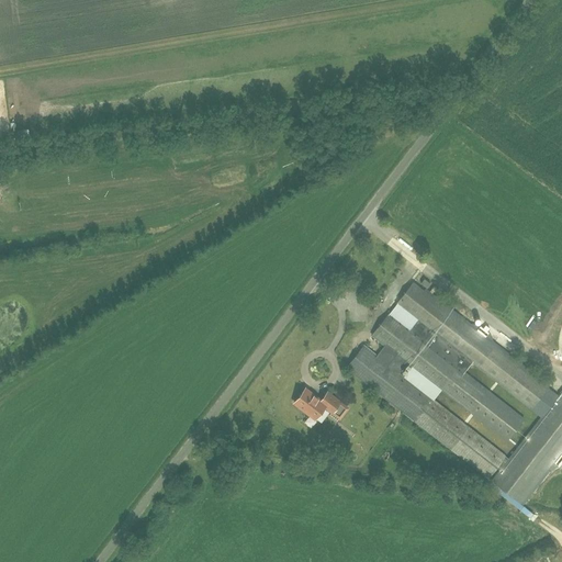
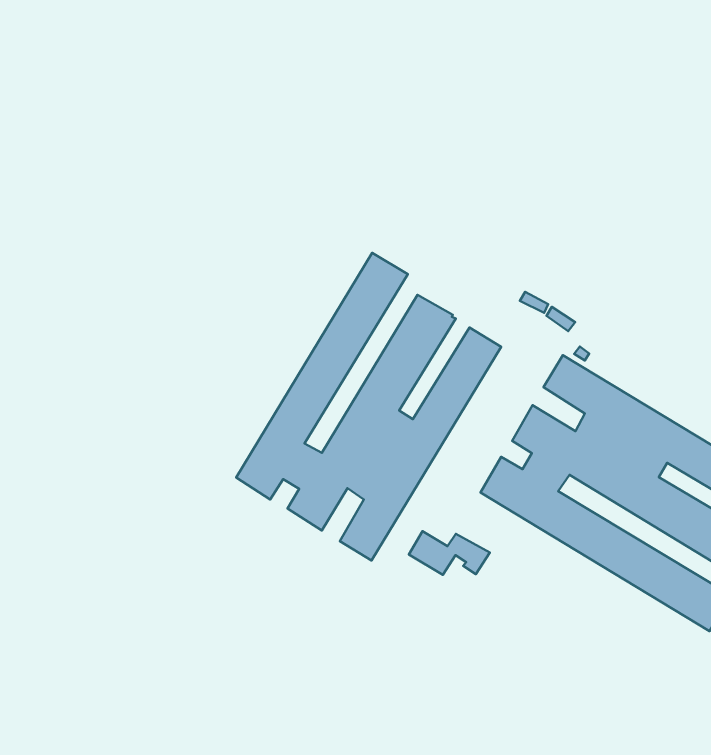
building: none -> [236,253,501,561]

